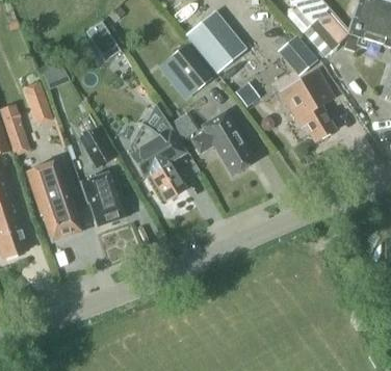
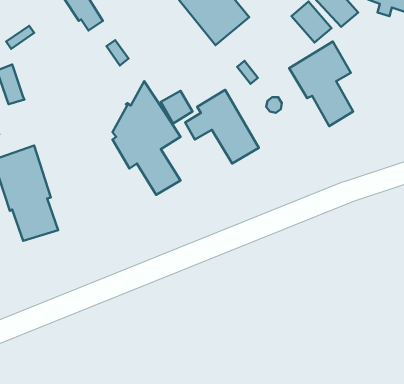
building: [168,43,213,91] -> none
building: [78,125,115,167] -> none
building: [82,171,127,226] -> none

